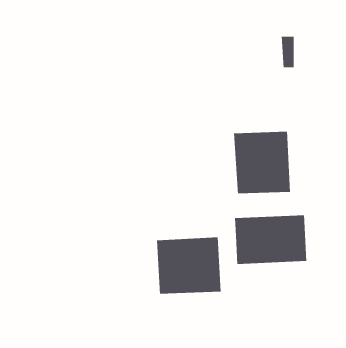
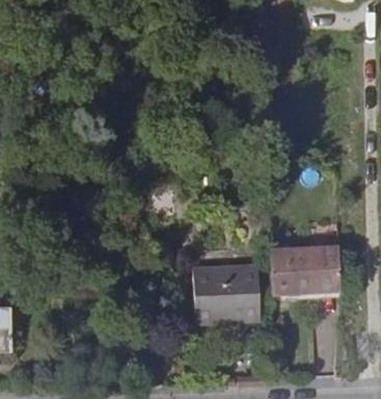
building: [234,131,290,194] -> none

